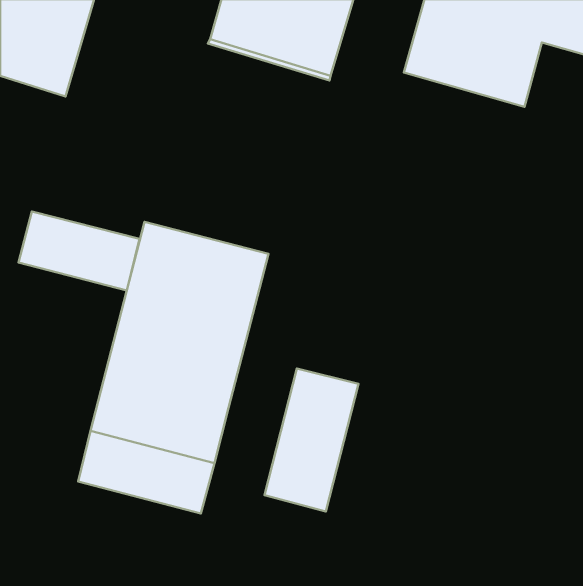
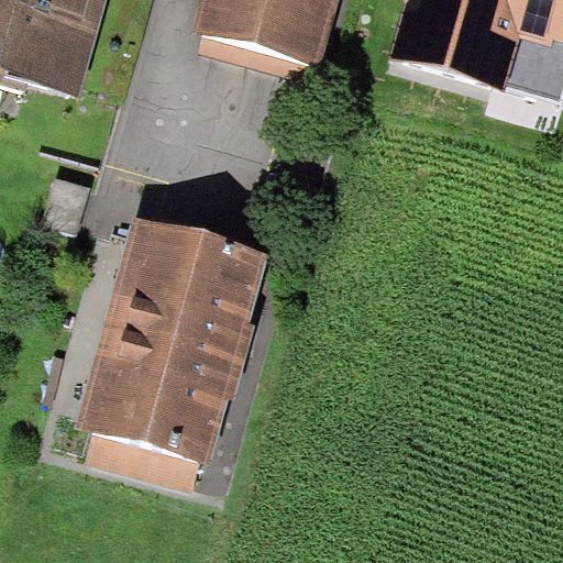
building: [18,211,140,291] -> none
building: [265,369,359,512] -> none

